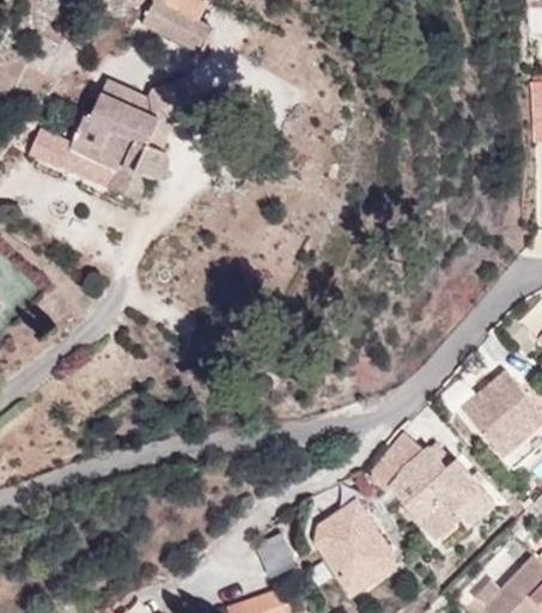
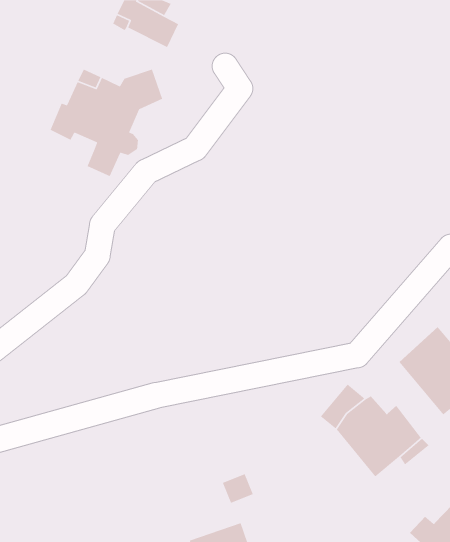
building: [42,139,121,188] -> none
building: [317,503,398,596] -> none

